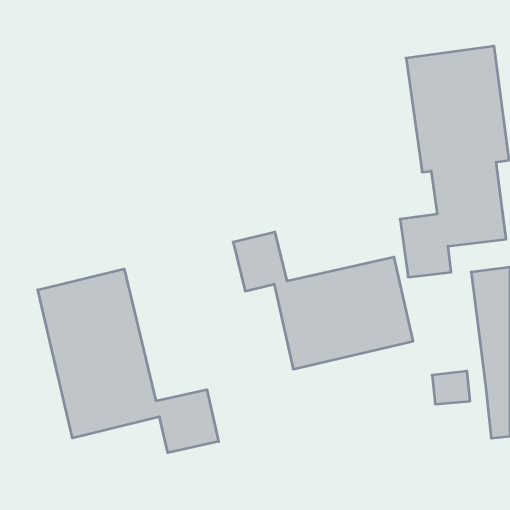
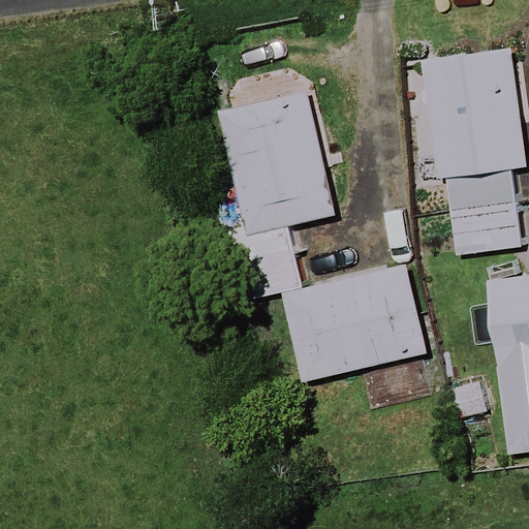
building: none -> [221,92,334,234]
building: [38,269,219,453] -> none

